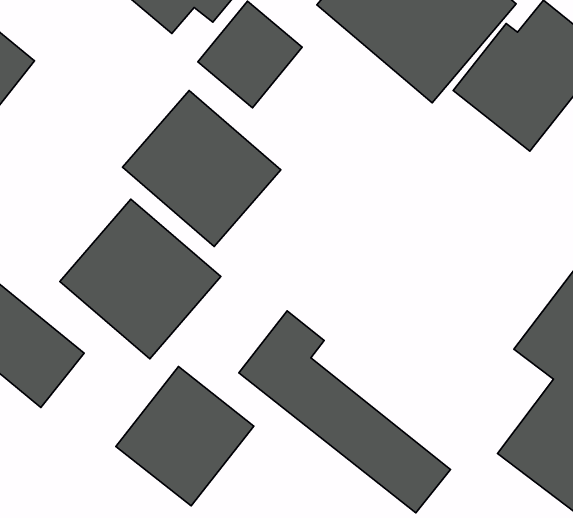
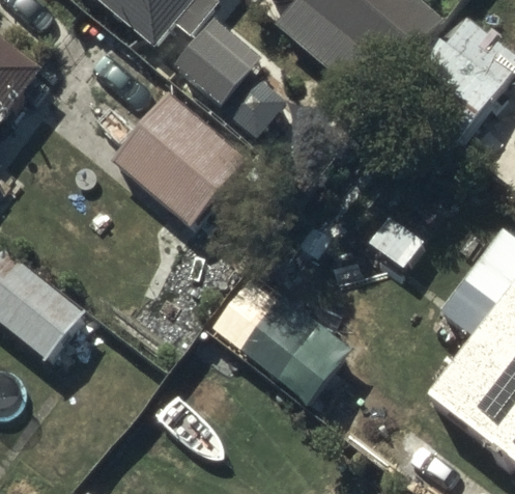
building: [60,199,221,359] -> none
building: [116,367,254,506] -> none

